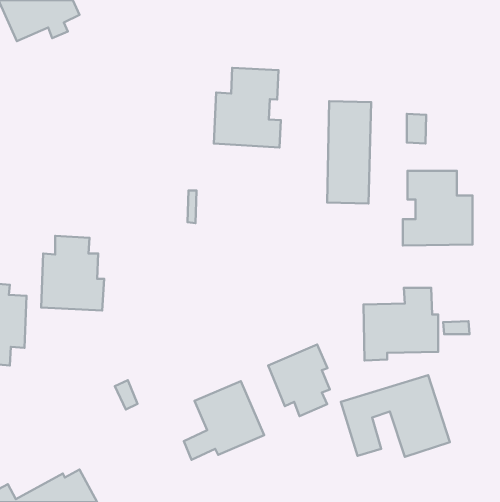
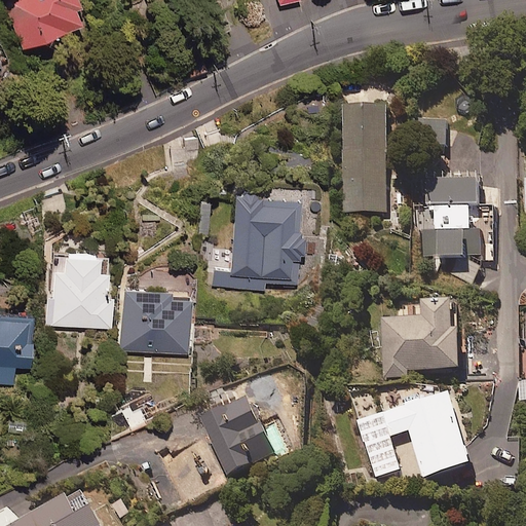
building: [214,68,281,148] -> none
building: none -> [226,188,299,290]
building: none -> [116,283,187,350]
building: [268,345,330,416] -> none

